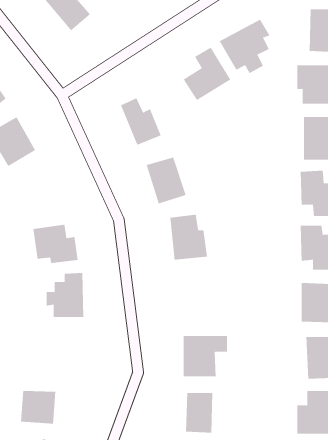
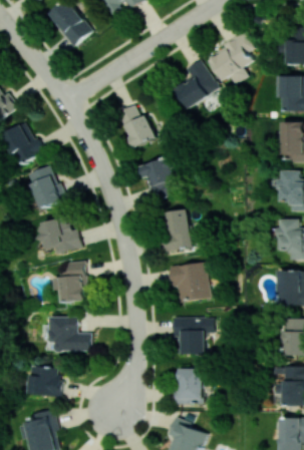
building: none -> [26,165,65,210]
building: none -> [168,262,209,303]
building: none -> [47,317,90,352]

